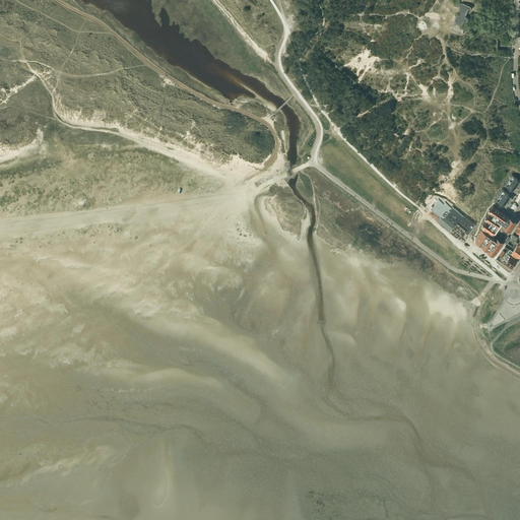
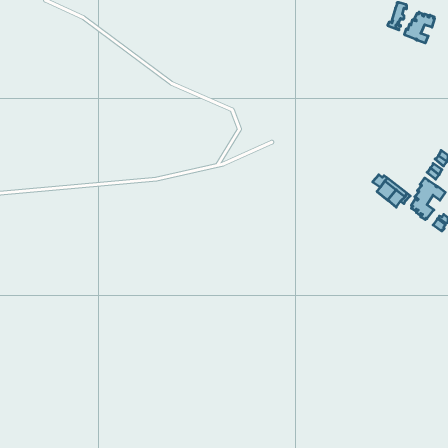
building: none -> [404,12,435,43]

